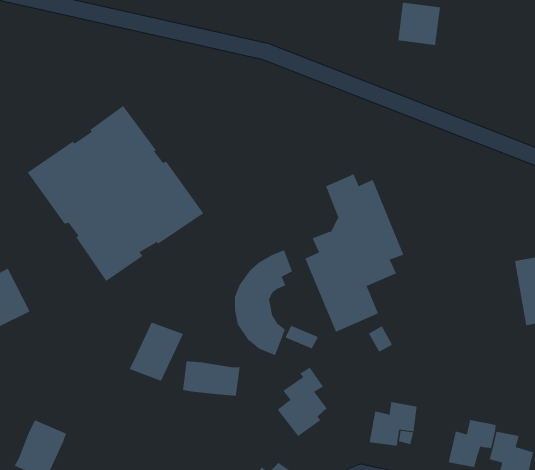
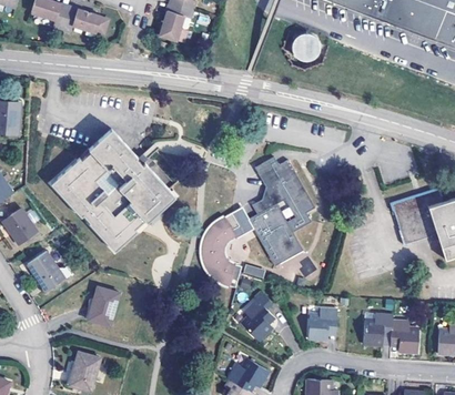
building: [129,322,184,382] -> [87,287,121,327]
building: [182,360,240,397] -> none

